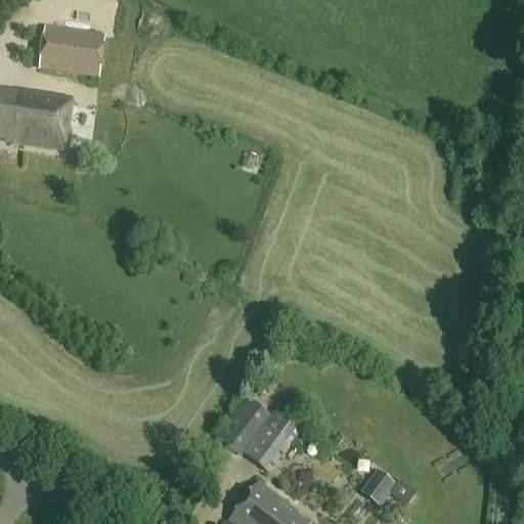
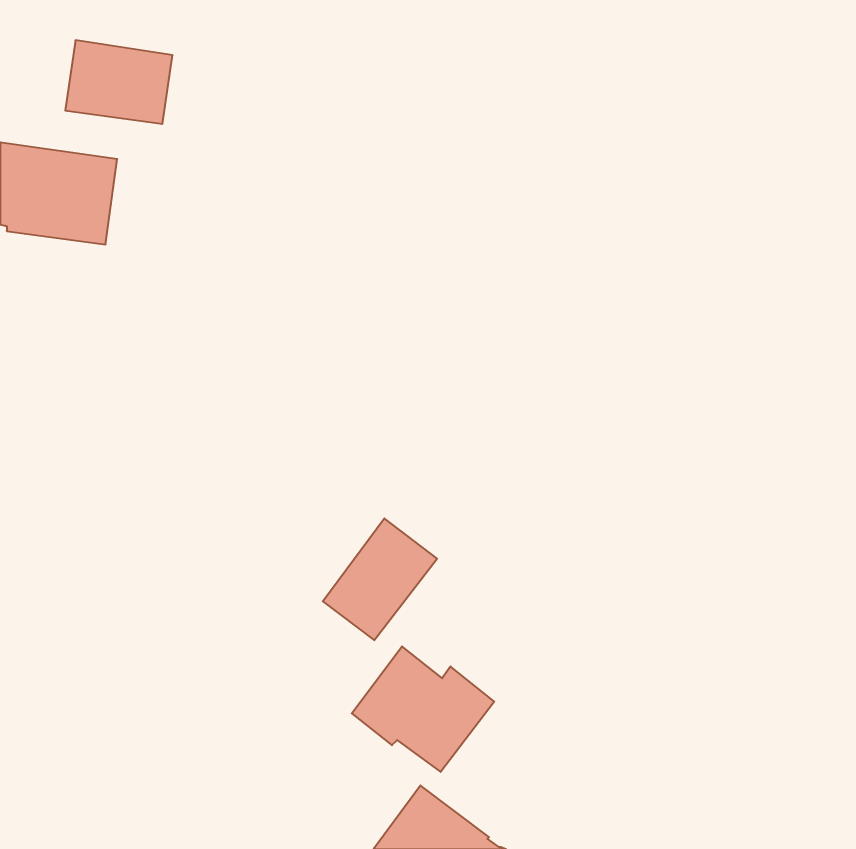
building: none -> [323,518,437,640]
building: [363,471,417,506] -> none

